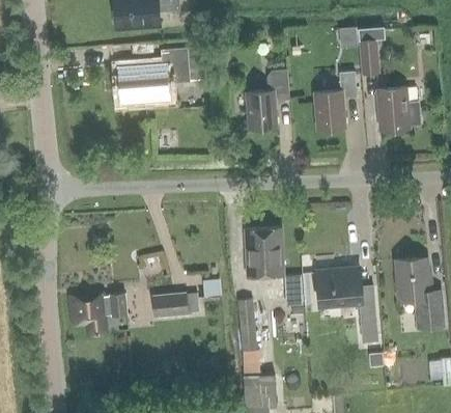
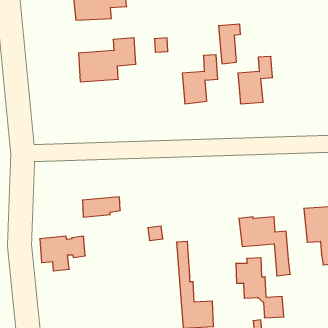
building: [358,26,385,75] -> [219,24,241,64]
building: [376,88,419,132] -> none
building: [245,228,304,302] -> [236,258,284,318]
building: [152,295,199,320] -> [82,197,120,217]

